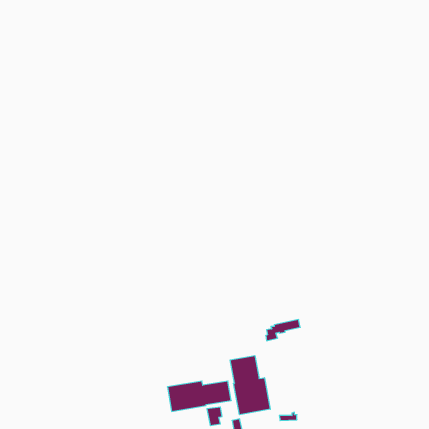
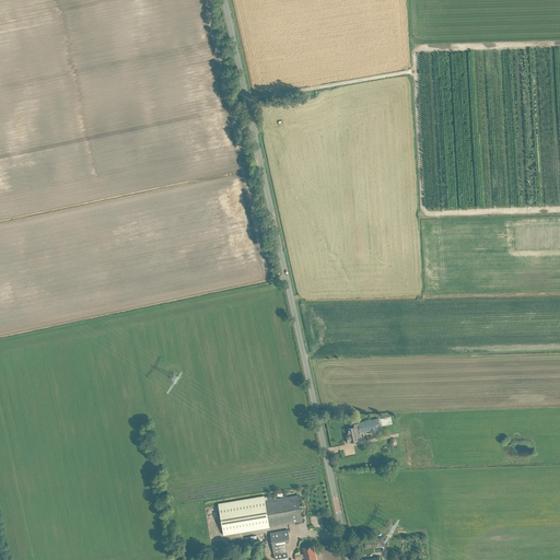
building: [230,356,270,415] -> none

